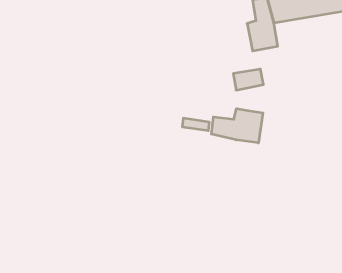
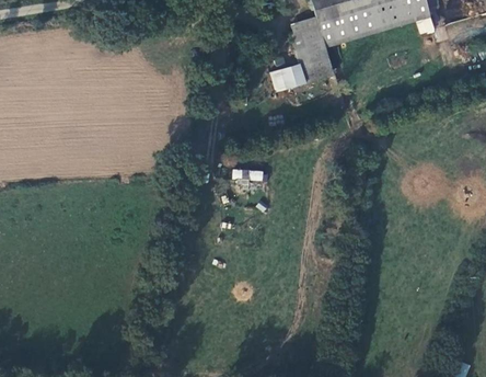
building: [233,69,263,90] -> [270,64,306,91]
building: [211,109,263,143] -> none

